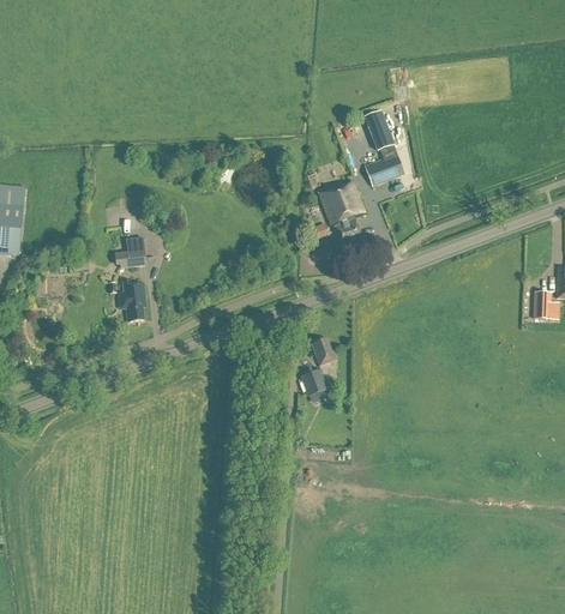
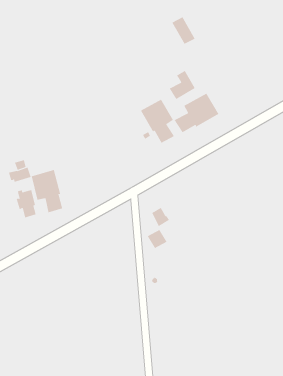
building: [363,109,395,150] -> [171,17,196,45]
building: none -> [174,93,219,133]
building: none -> [31,169,63,213]

